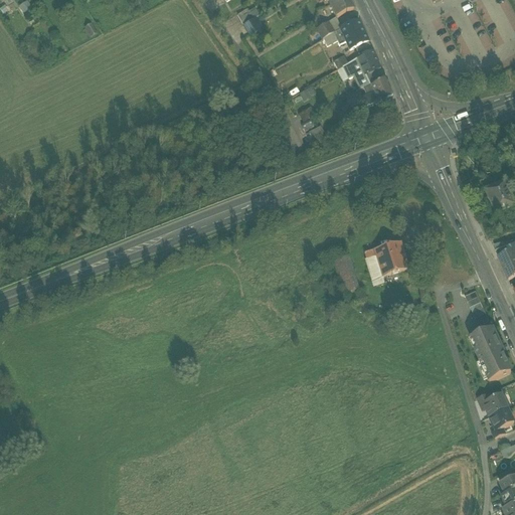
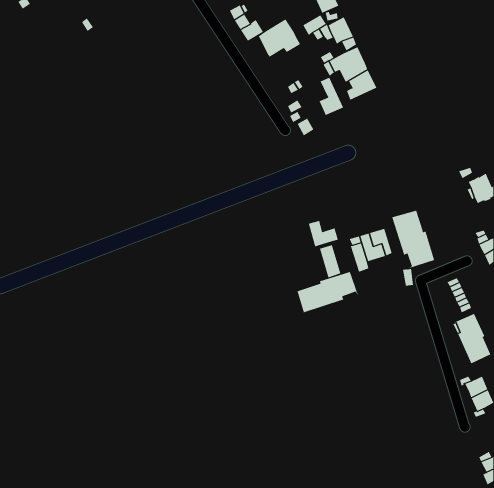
building: none -> [258,18,301,57]
building: none -> [319,77,344,116]
building: none -> [391,210,435,269]
building: none -> [308,220,338,247]
building: none -> [297,271,358,313]

